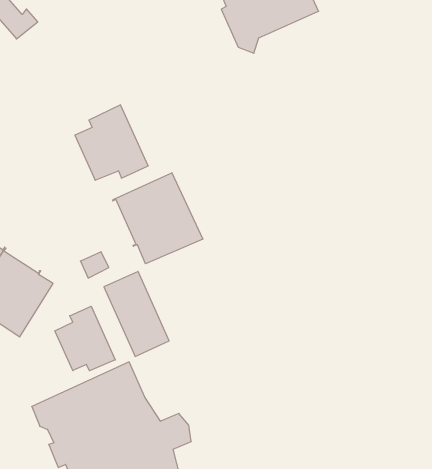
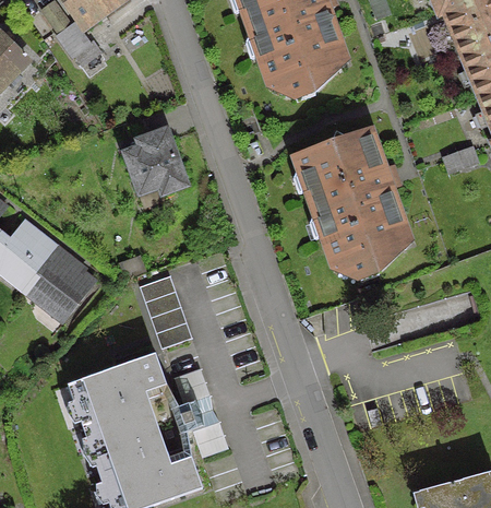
building: none -> [296,130,408,274]
building: [113,173,203,264] -> none
building: [55,306,115,371] -> none

